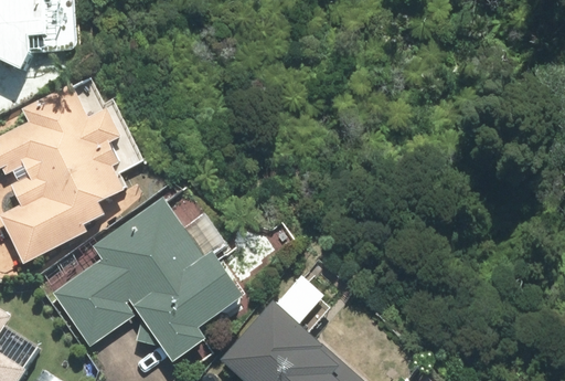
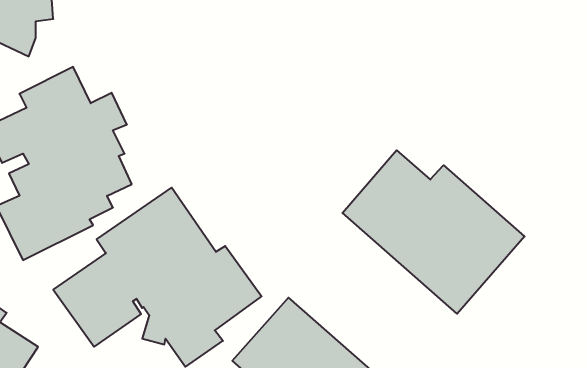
building: none -> [342,150,525,314]

